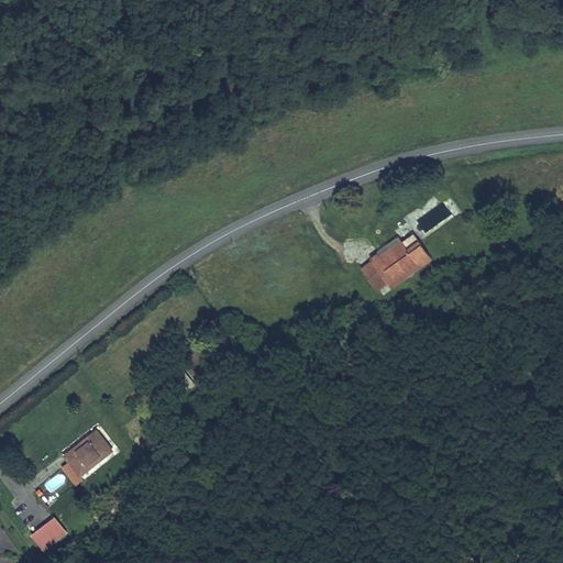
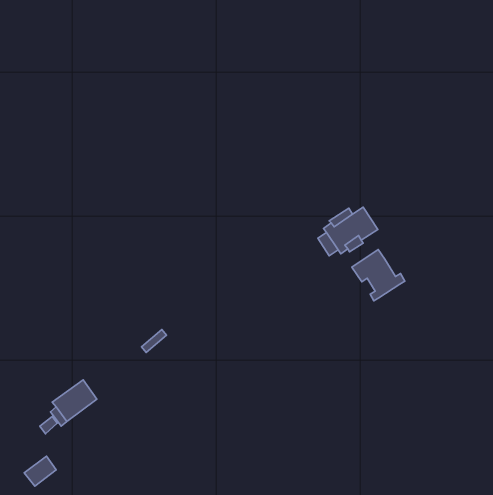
building: none -> [352,250,405,301]

